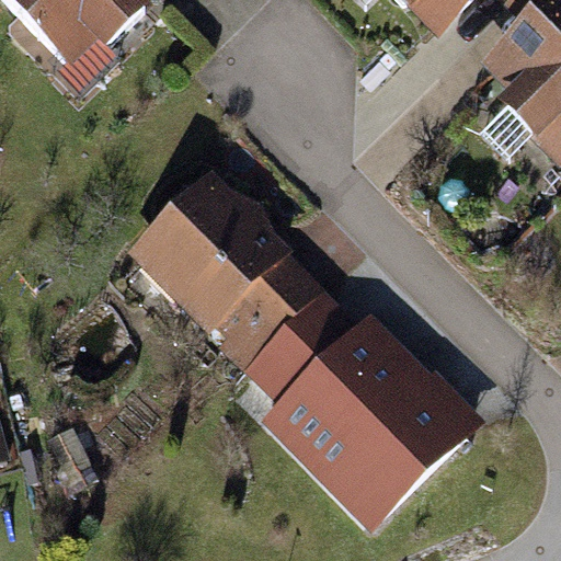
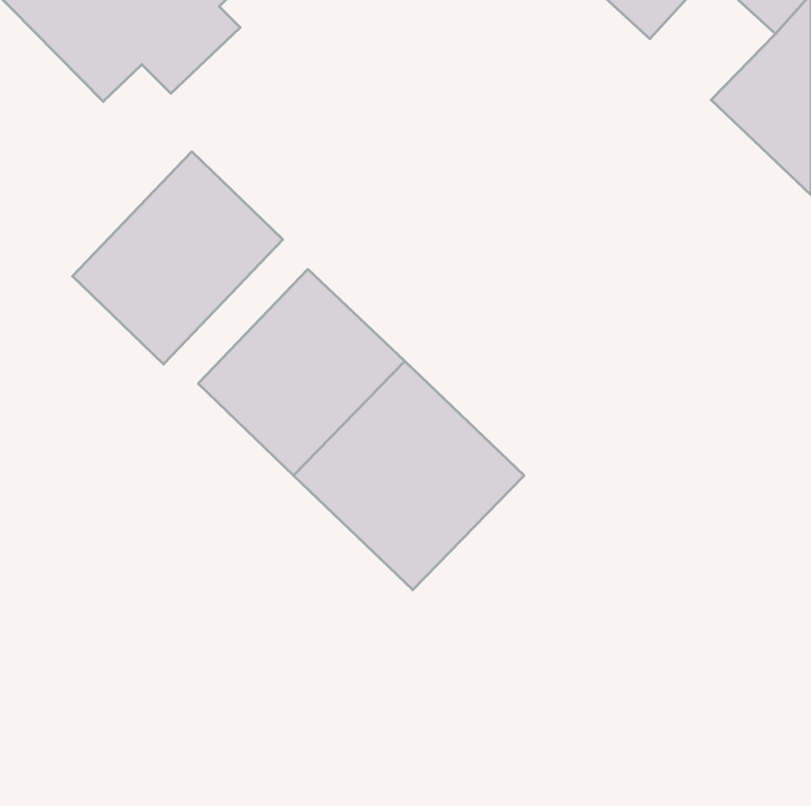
building: none -> [72,152,283,364]
building: [265,314,473,522] -> none

